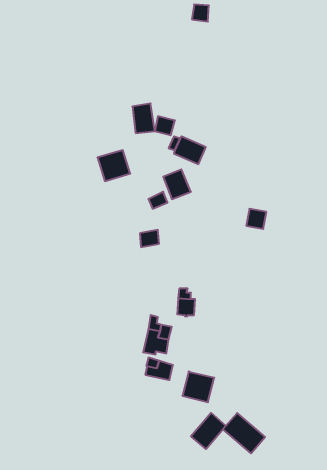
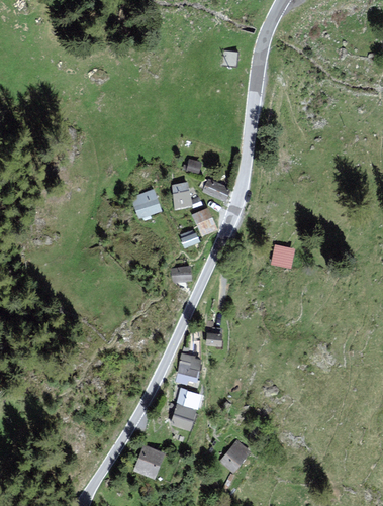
building: [132,103,155,133] -> [172,182,193,210]
building: [182,371,214,402] -> [168,402,198,431]
building: [223,413,265,453] -> none
building: none -> [133,444,165,480]

